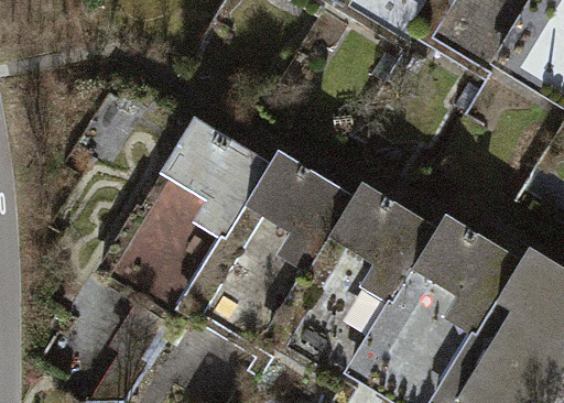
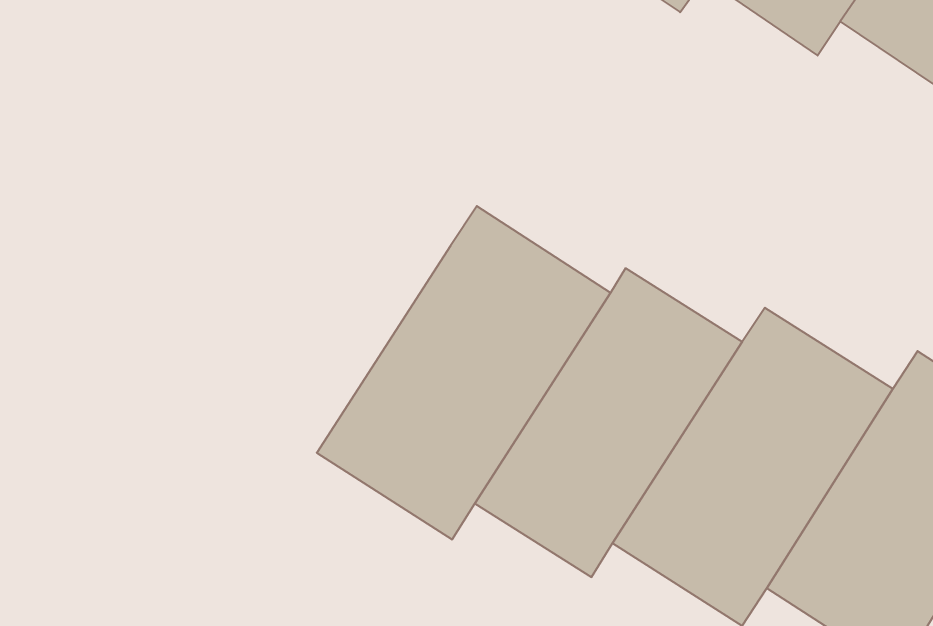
building: [112,121,280,315] -> none

